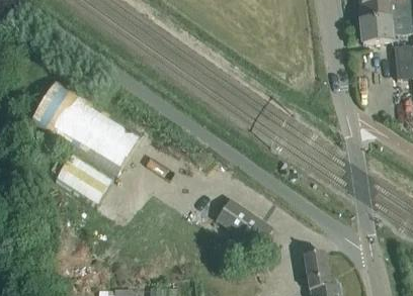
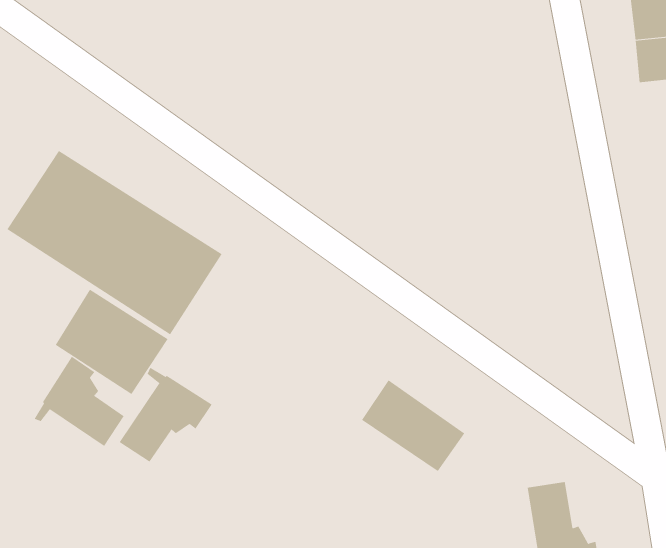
building: none -> [34,356,125,447]
building: none -> [119,367,213,462]

